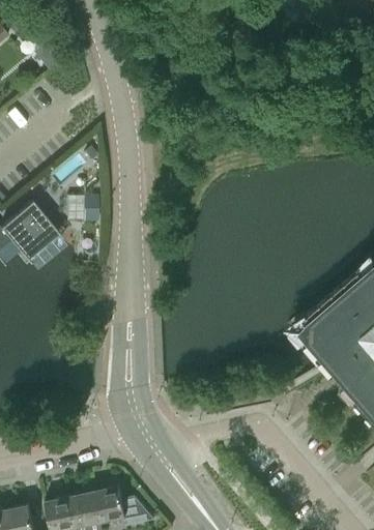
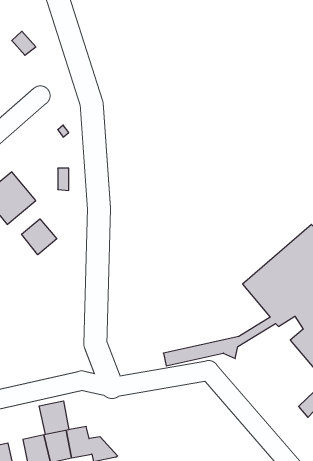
building: none -> [22,219,57,255]
building: none -> [39,401,69,434]

